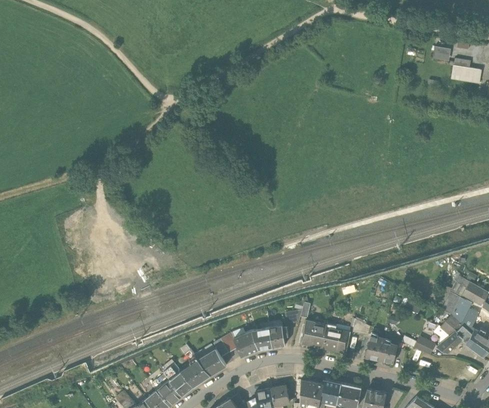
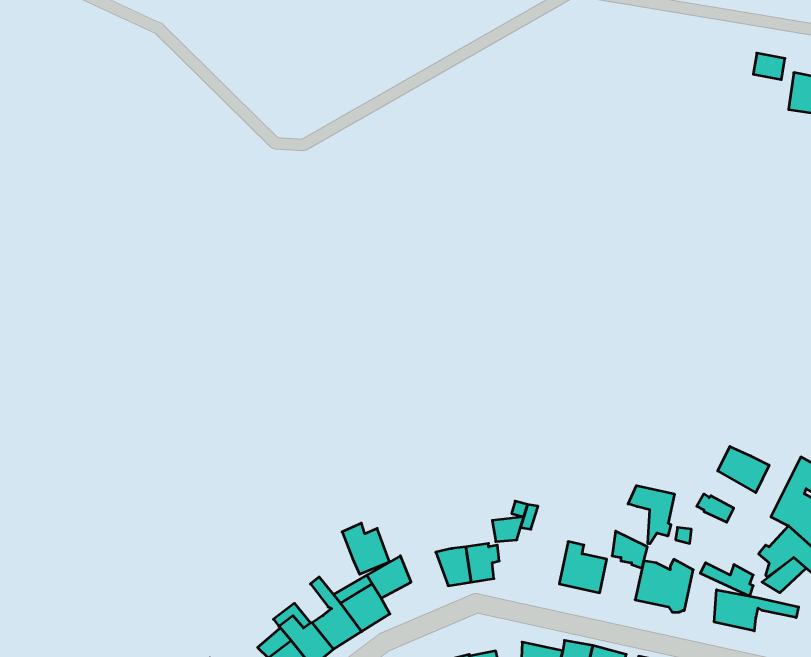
building: none -> [718,446,769,493]
building: none -> [628,486,674,544]
building: [301,319,328,348] -> none
building: [233,327,260,356] -> [342,523,390,574]
building: none -> [714,590,799,631]

